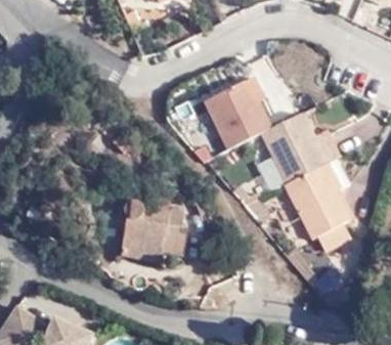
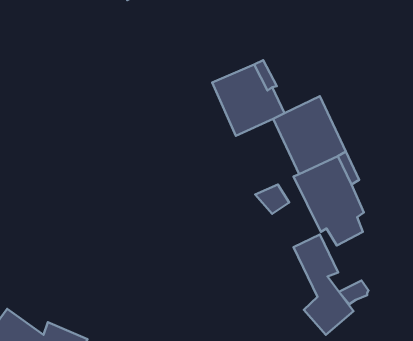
building: [115,188,183,257] -> none
building: none -> [293,235,353,335]

